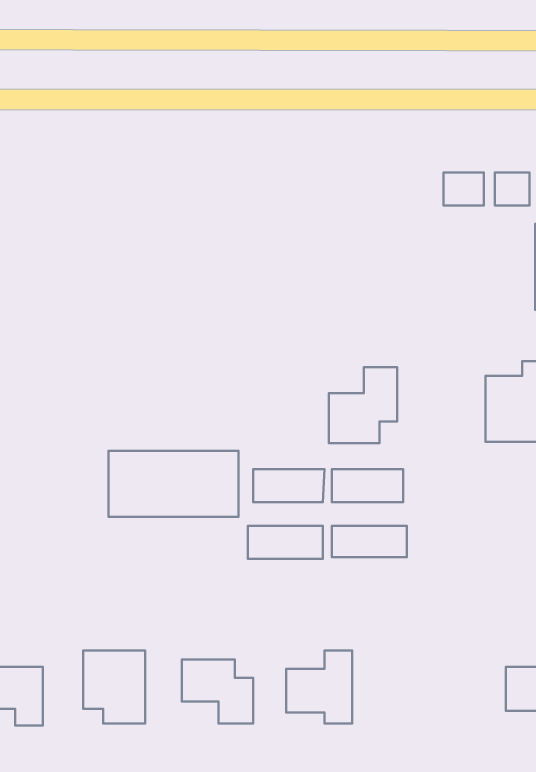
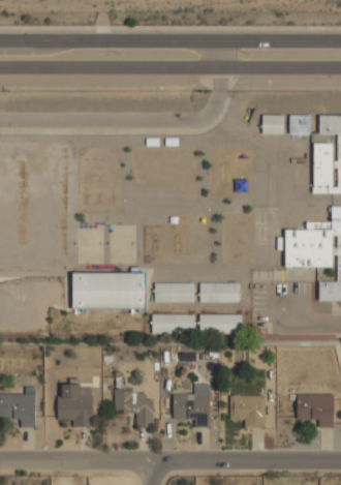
building: [329,367,397,443] -> none
building: none -> [230,395,266,426]

